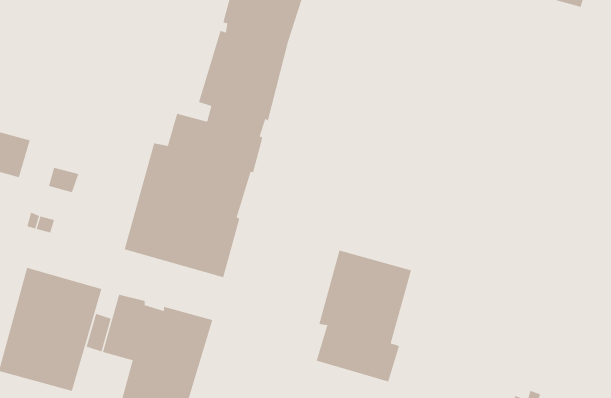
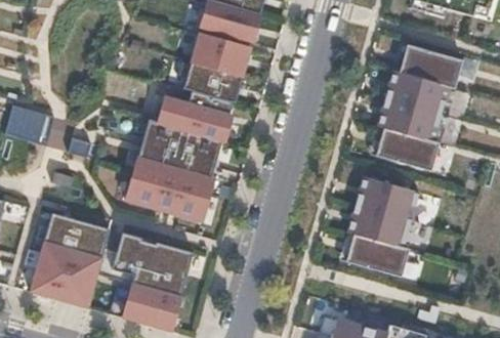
building: none -> [375,44,462,170]
building: [316,250,412,382] -> [345,175,418,276]

